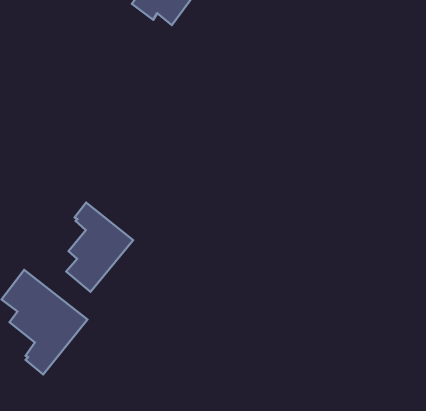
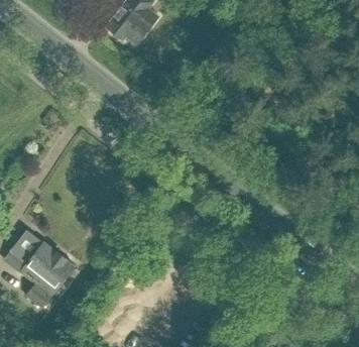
building: [66,202,133,292] -> none

